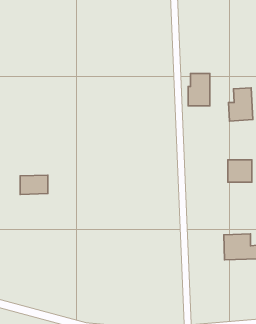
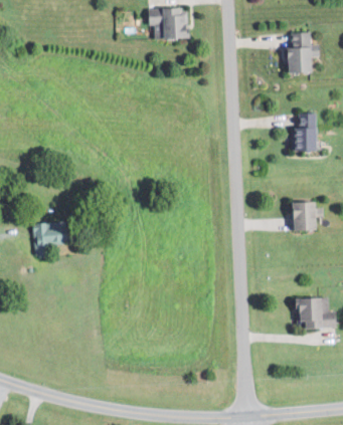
building: none -> [146,8,189,39]
building: [188,74,210,106] -> [287,33,314,73]

